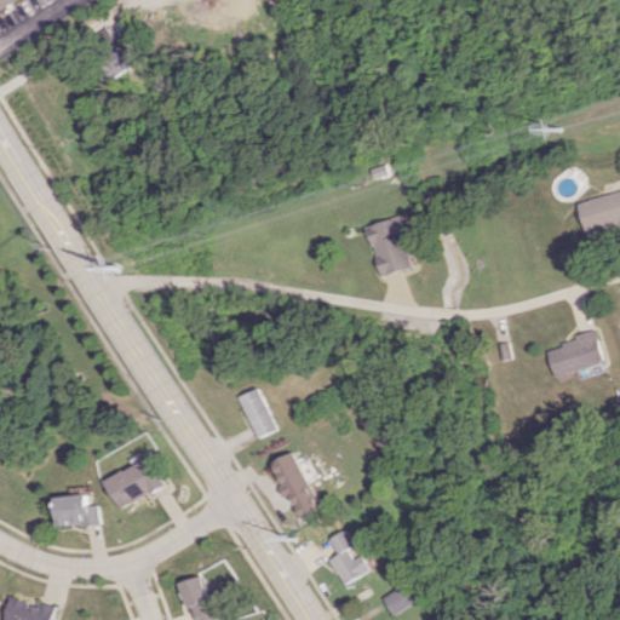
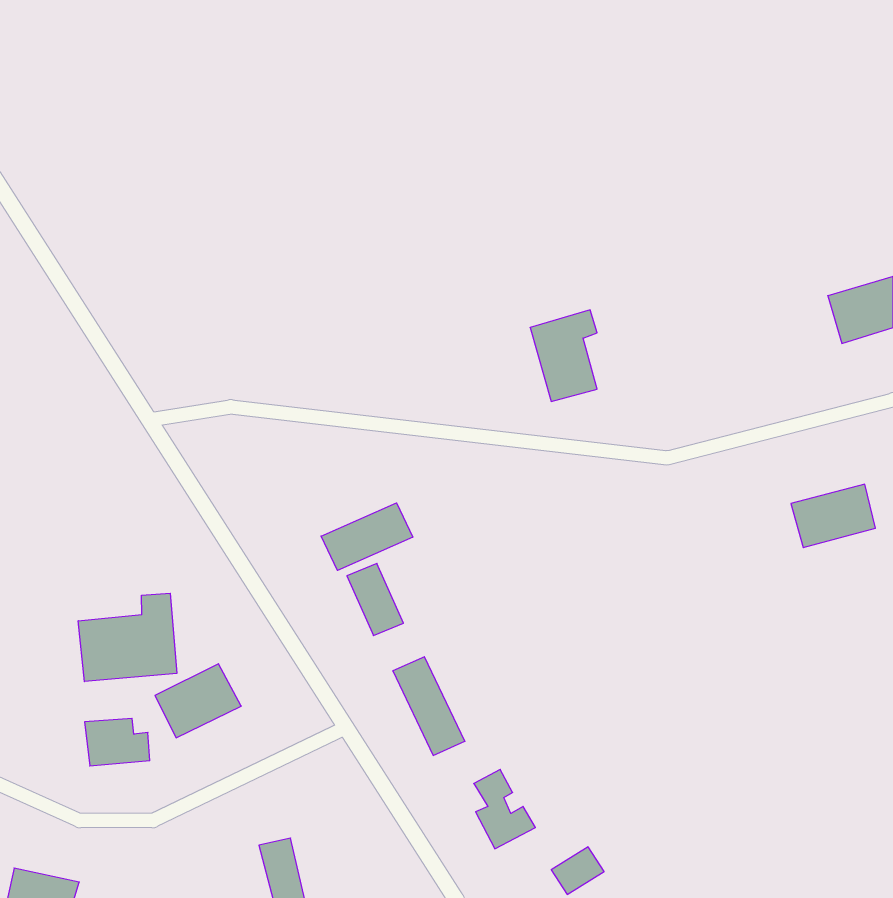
building: none -> [321,503,413,570]
building: none -> [78,593,177,682]

